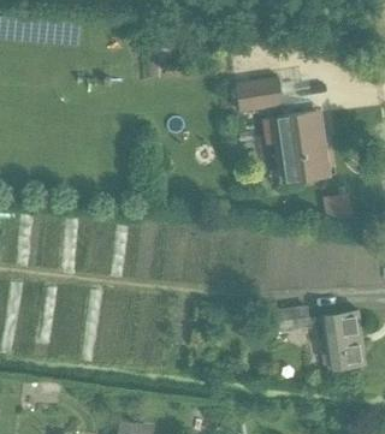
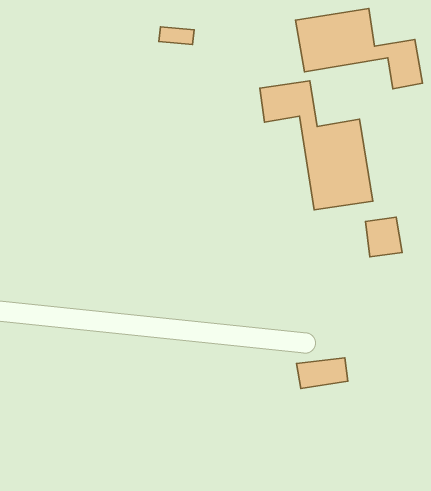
building: none -> [296,8,423,89]
building: [324,313,366,371] -> none

